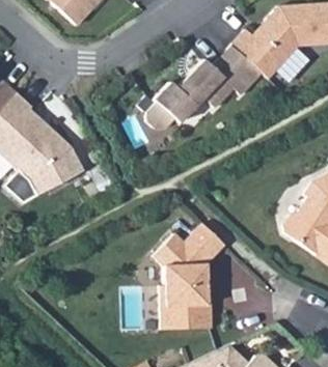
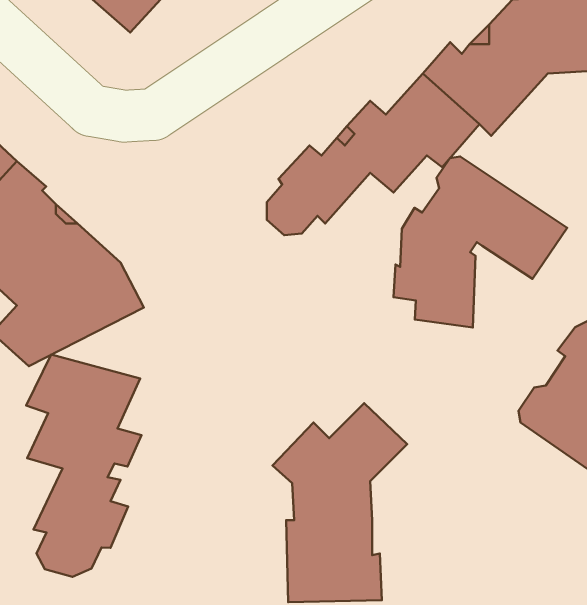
building: none -> [394,157,567,328]
building: none -> [26,355,142,577]

